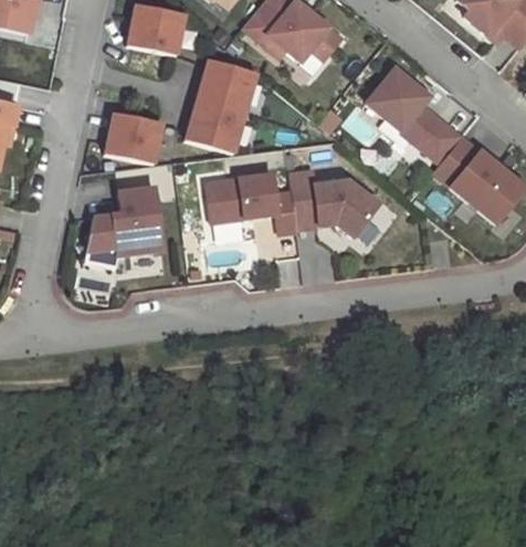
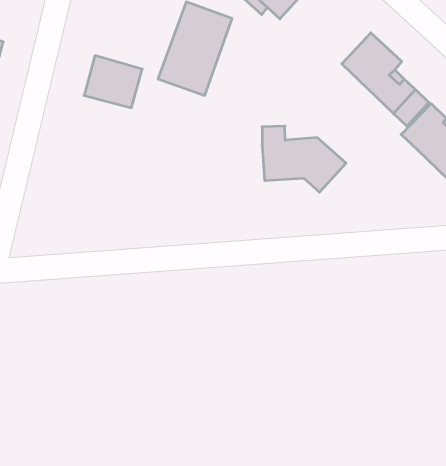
building: [209,176,296,233] -> none
building: [87,187,164,265] -> none

